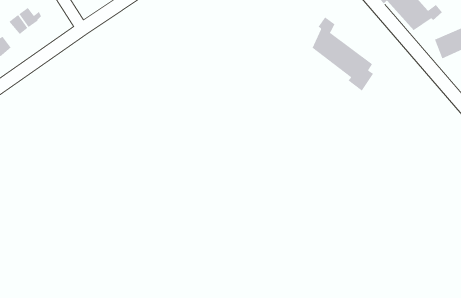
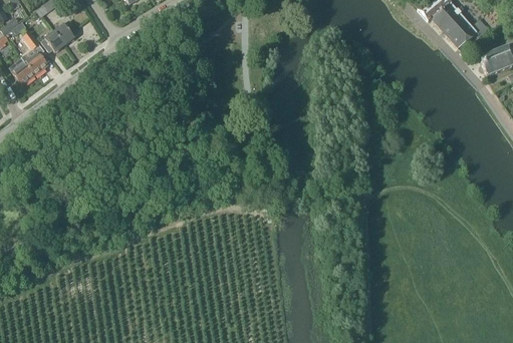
building: [312,16,374,92] -> none

